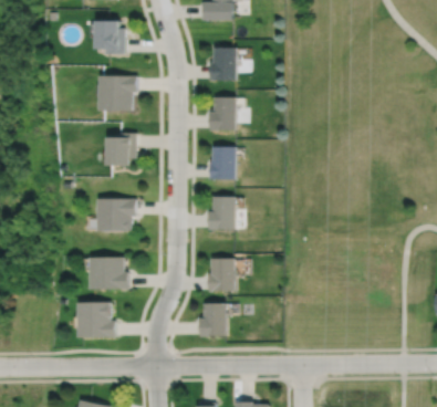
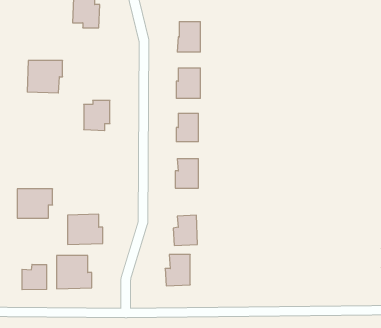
building: [98,75,137,111] -> [27,61,63,93]
building: [98,199,137,231] -> [17,189,53,218]
building: none -> [22,264,47,290]

